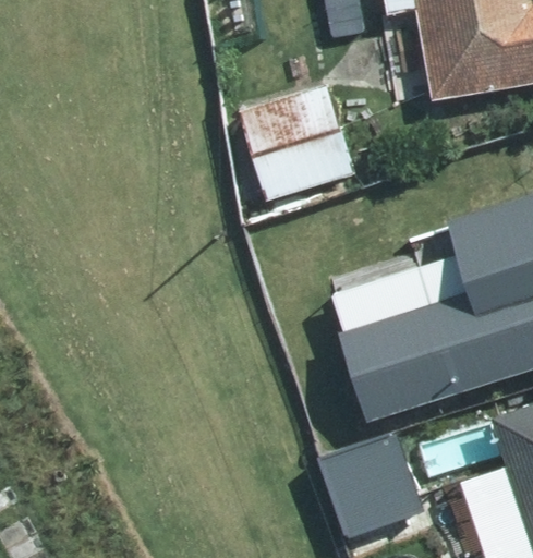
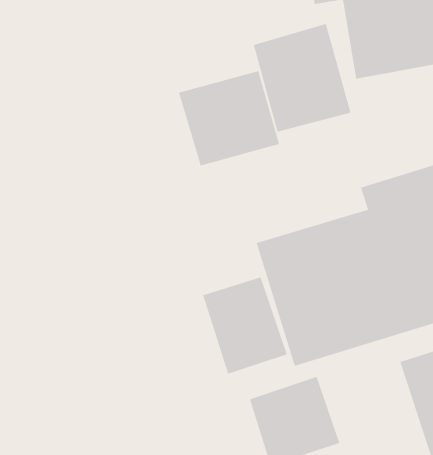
building: none -> [253,23,351,133]
building: none -> [202,276,287,374]

